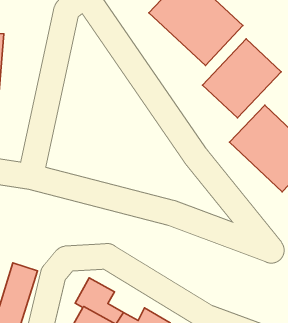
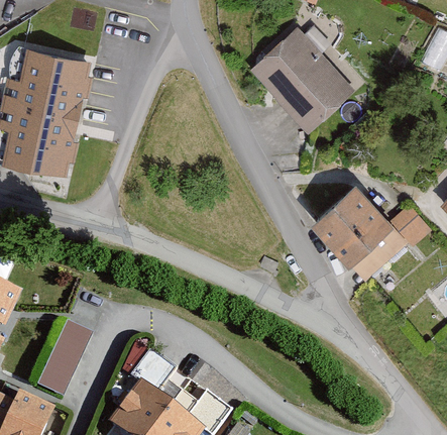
building: [203,39,281,118] -> none

